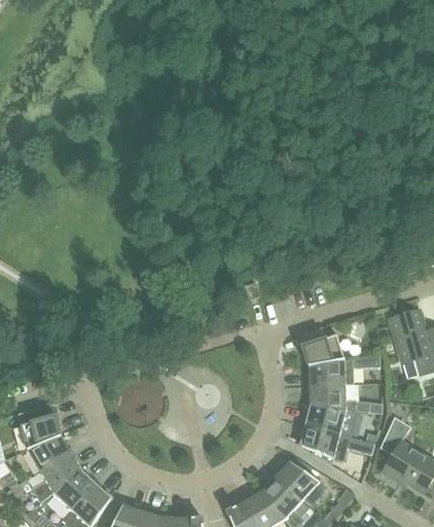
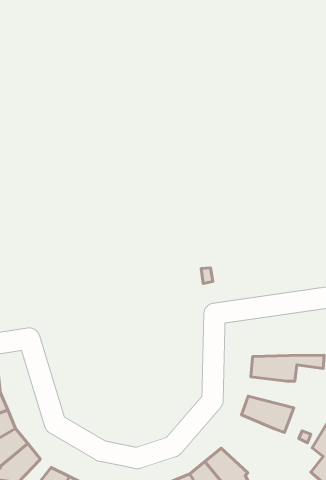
building: [298,326,345,365] -> none
building: [310,385,383,414] -> none
building: [300,425,340,459] -> none

